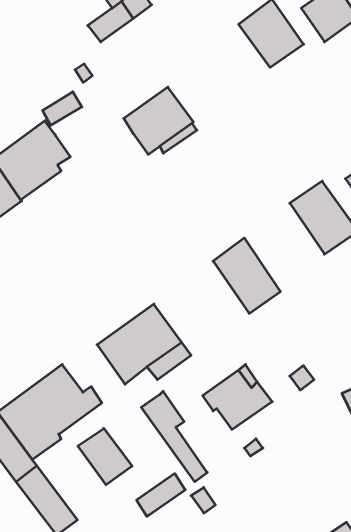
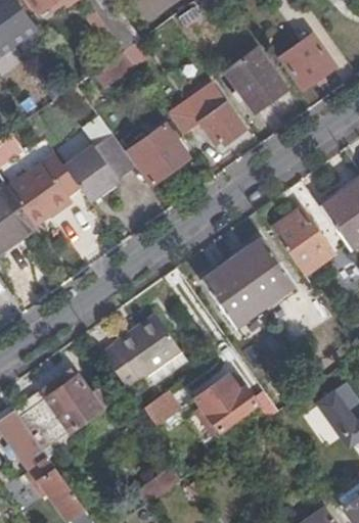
building: none -> [170,83,240,143]
building: none -> [65,134,134,200]
building: none -> [232,240,291,305]
building: [78,428,132,485] -> none

